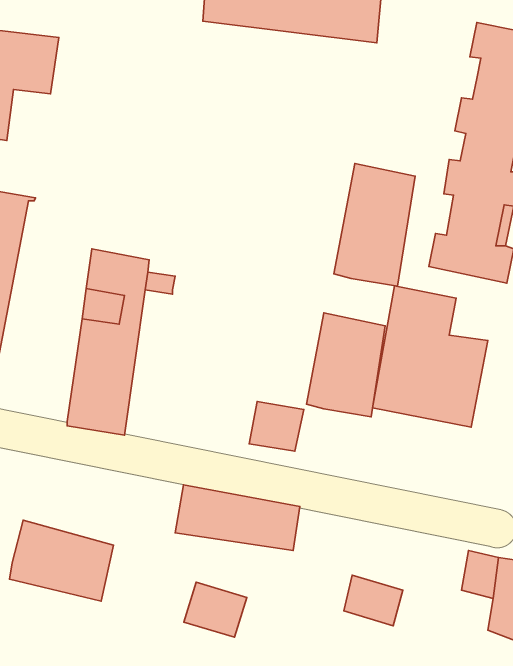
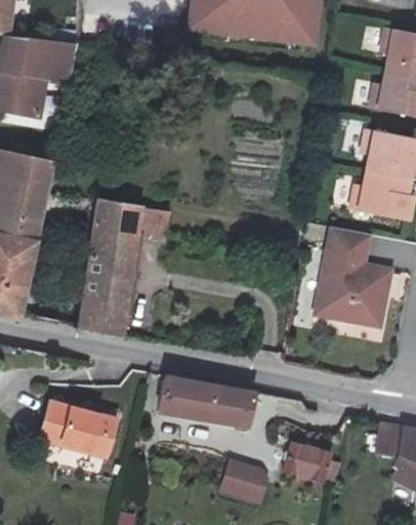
building: [334,163,415,286] -> none
building: [306,313,385,417] -> none
building: [249,402,304,451] -> none
building: [184,582,247,637] -> [224,462,272,503]

